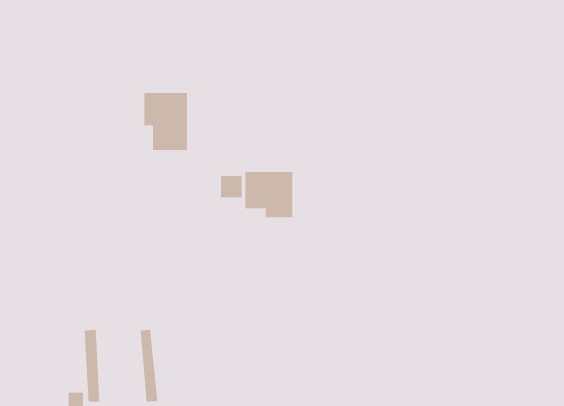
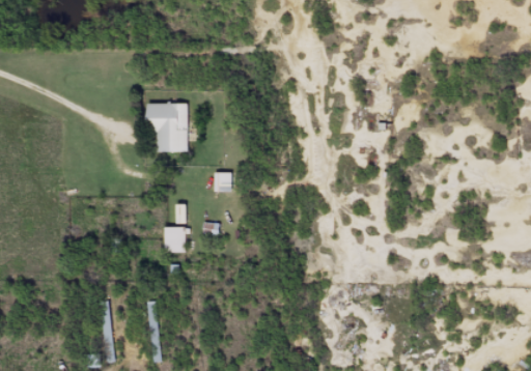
building: [245,171,293,218] -> none
building: none -> [167,227,186,252]

